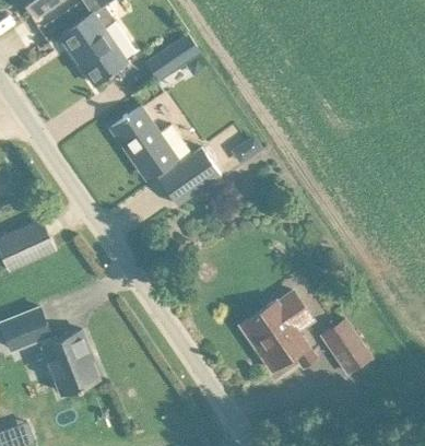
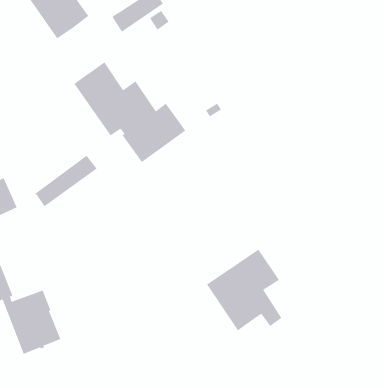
building: none -> [35,155,97,207]
building: [321,319,369,372] -> none

